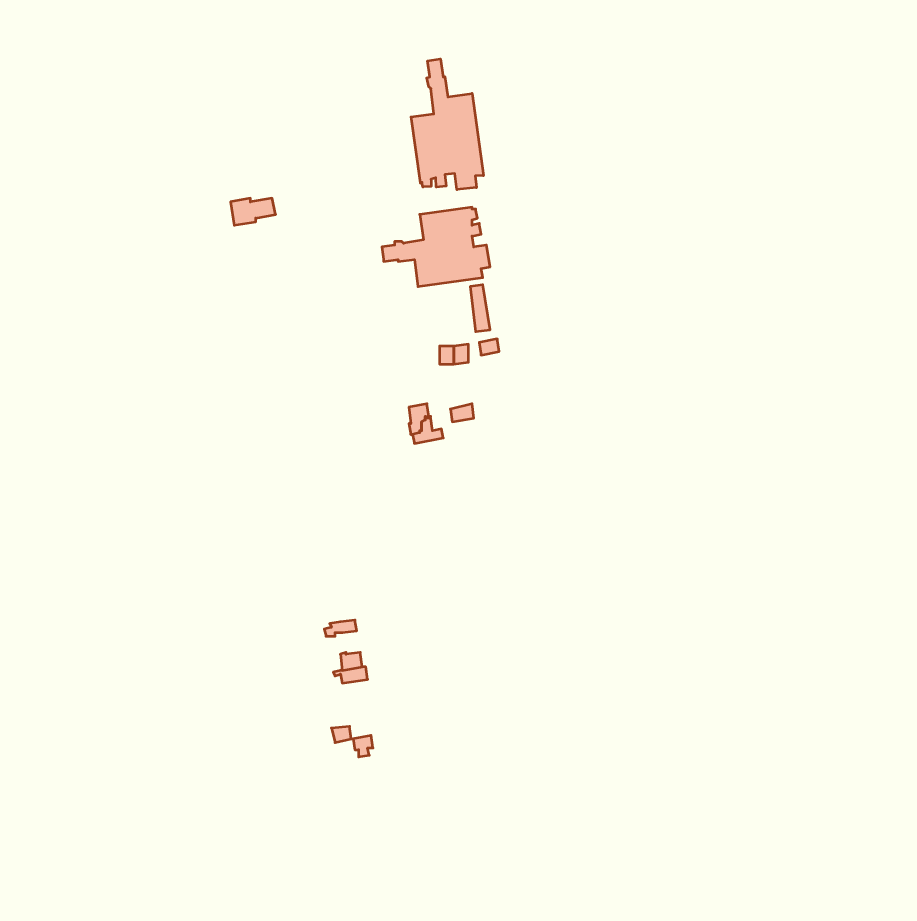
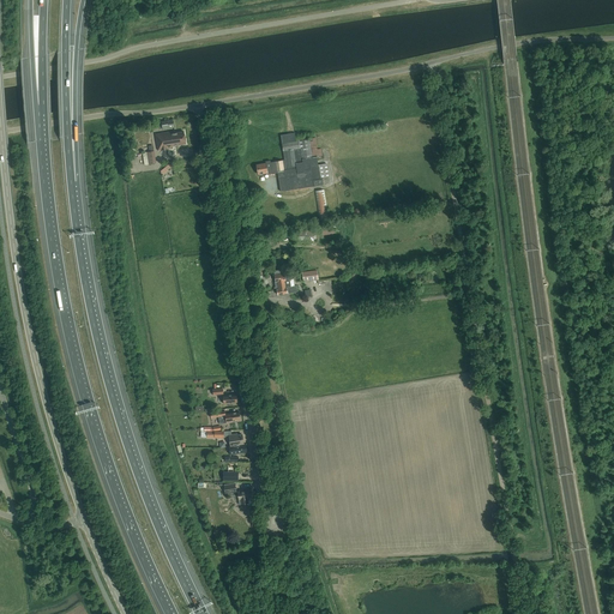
building: [411,59,483,190] -> none

